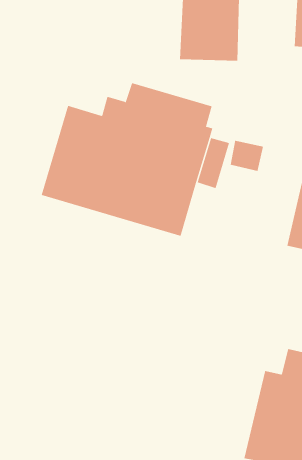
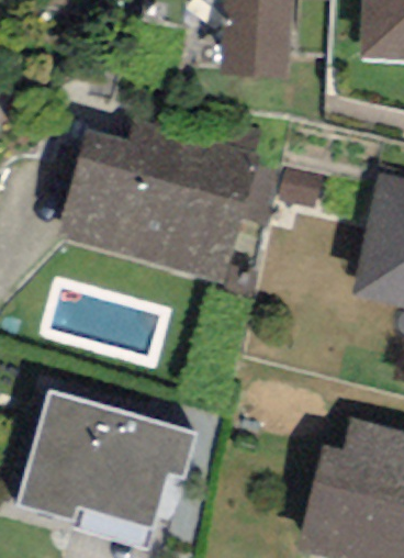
building: none -> [19,391,195,526]

